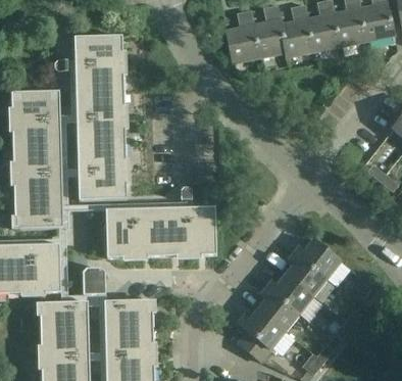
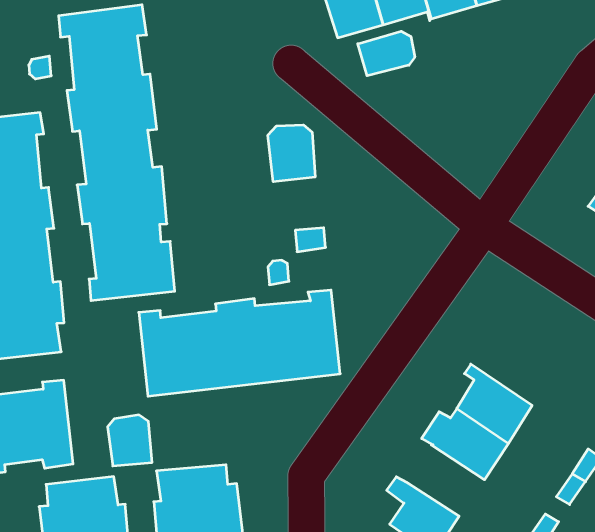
building: none -> [358,31,415,76]
building: none -> [268,125,315,182]
building: [292,238,350,286] -> none
building: [250,298,294,340] -> none

